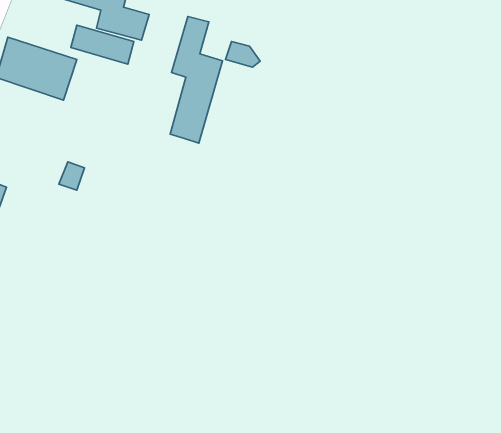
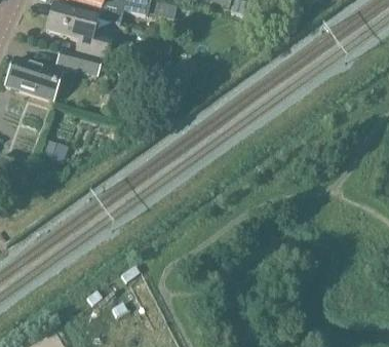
building: [170,16,223,143] -> none

